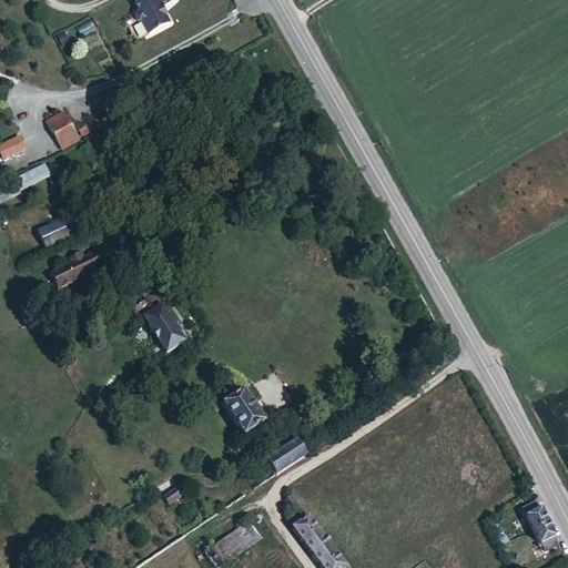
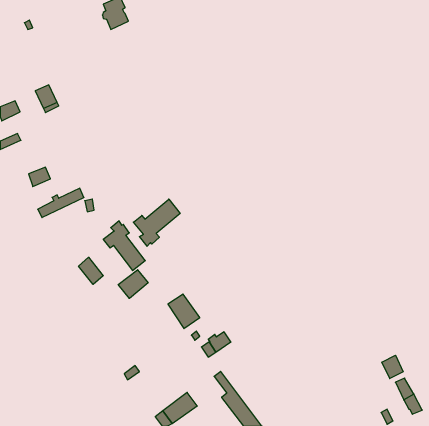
building: none -> [133,199,180,246]
building: none -> [79,257,103,284]
building: none -> [118,270,148,298]
building: none -> [382,355,403,379]

